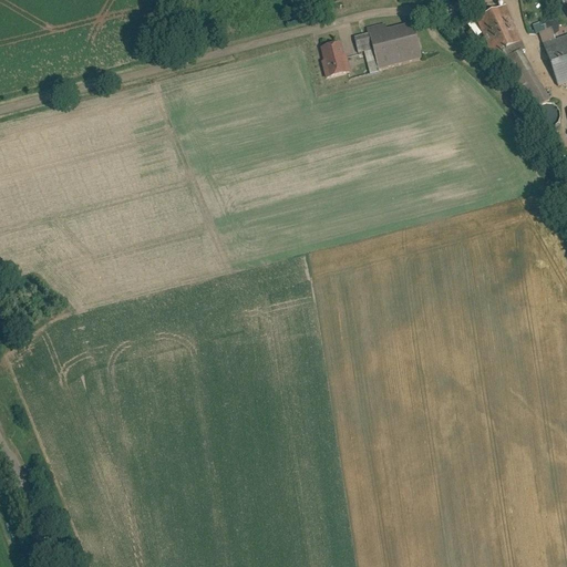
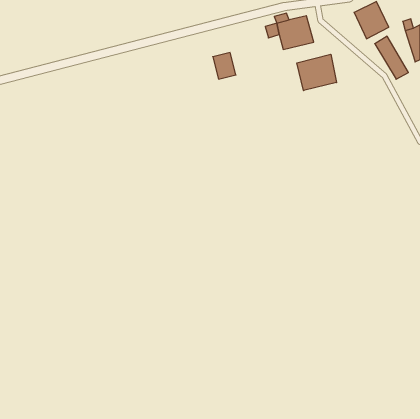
building: [319,40,350,75] -> [213,53,236,79]
building: none -> [297,54,337,91]

